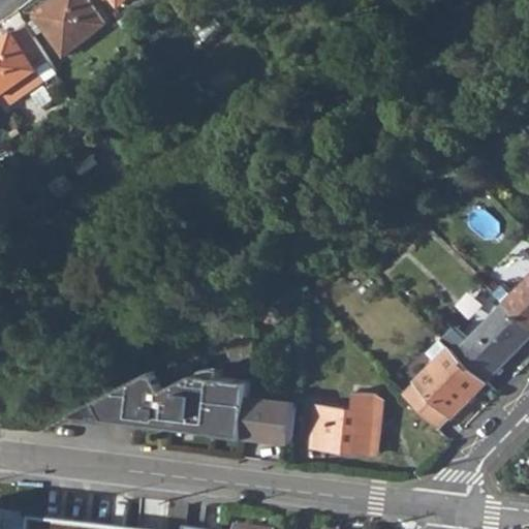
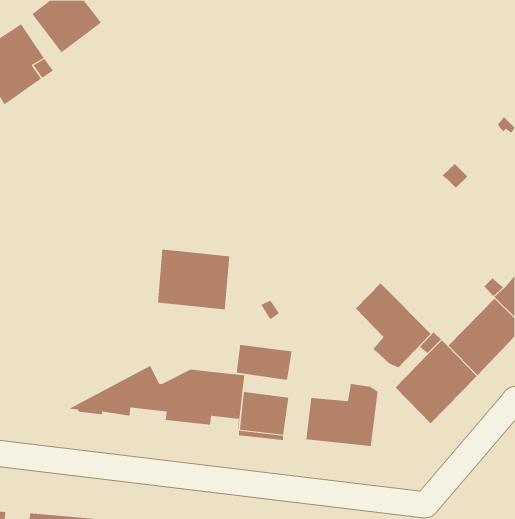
building: none -> [158,249,230,310]
building: none -> [355,282,431,368]
building: none -> [236,344,292,381]

